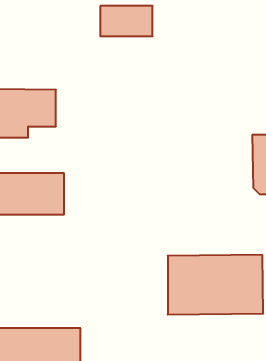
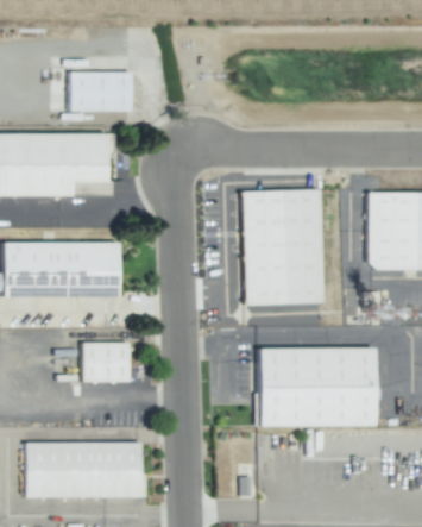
building: [100,6,153,36] -> [67,71,134,111]
building: none -> [237,189,327,306]
building: none -> [78,343,131,383]

